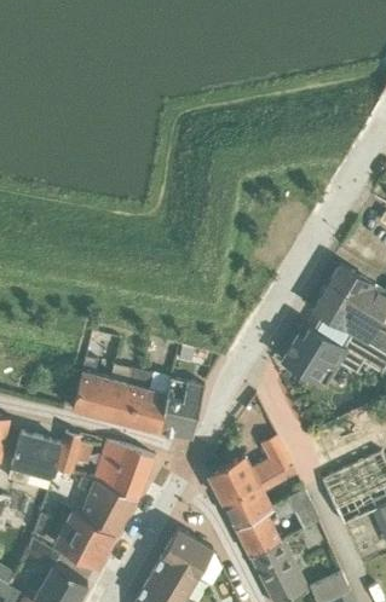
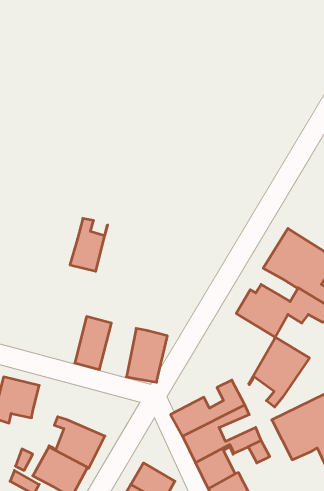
building: [71,358,114,417] -> [70,218,108,271]
building: [128,372,169,433] -> none
building: none -> [249,337,309,407]
building: [53,434,82,476] -> none
building: [92,442,154,500] -> none

